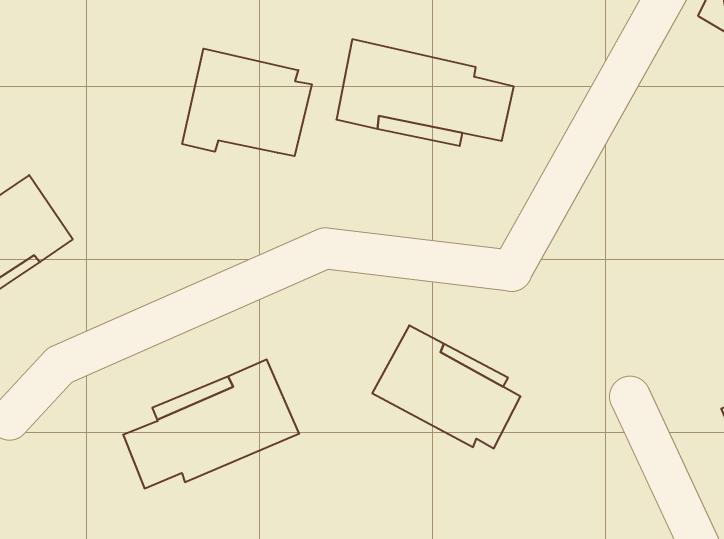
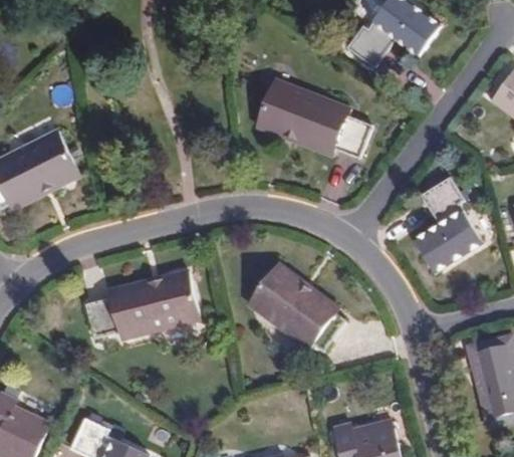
building: [182,49,312,156] -> none
building: none -> [418,178,482,271]

